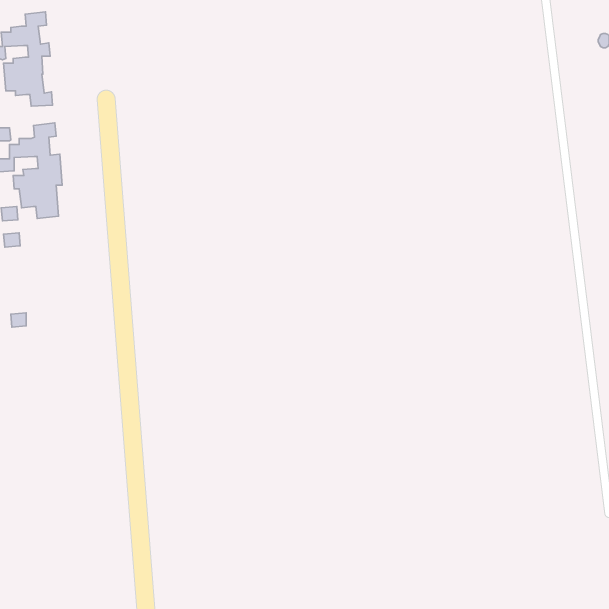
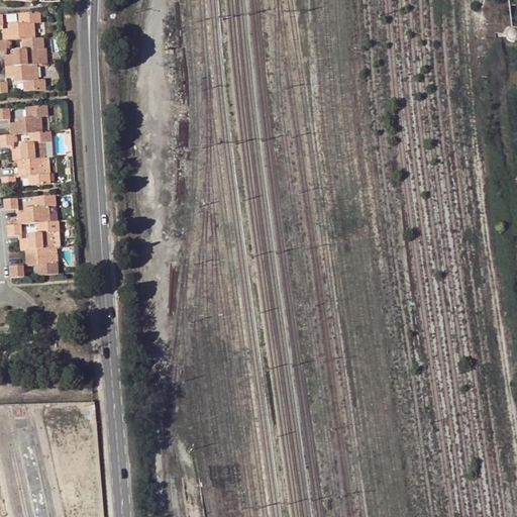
building: none -> [6,194,61,274]

